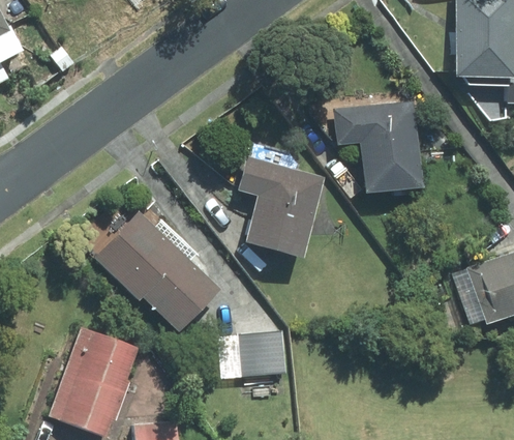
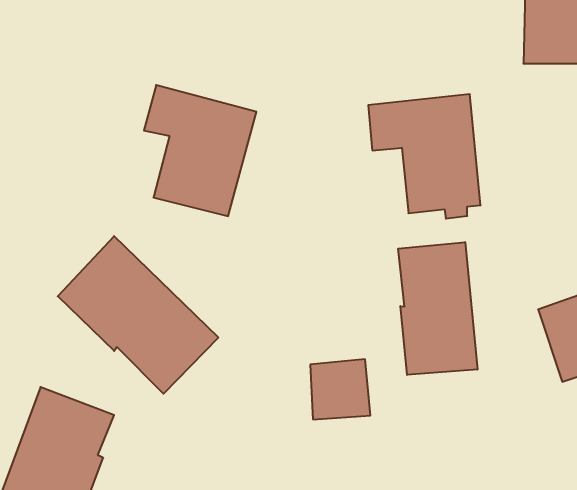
building: [237,155,324,257] -> [144,85,256,216]
building: none -> [398,242,477,375]
building: [240,329,286,376] -> [310,359,370,419]

